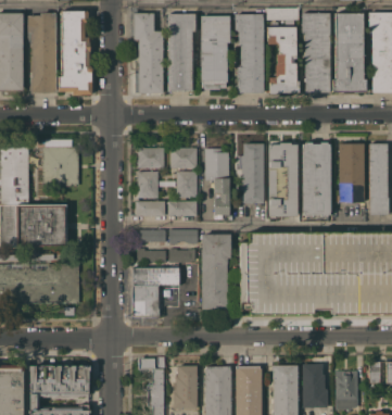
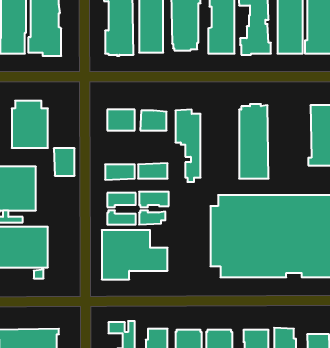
building: [302,142,330,216] -> none
building: [238,143,264,203] -> none
building: [137,172,157,199] -> [54,148,75,176]
building: [176,172,197,198] -> none
building: [201,235,230,309] -> none

